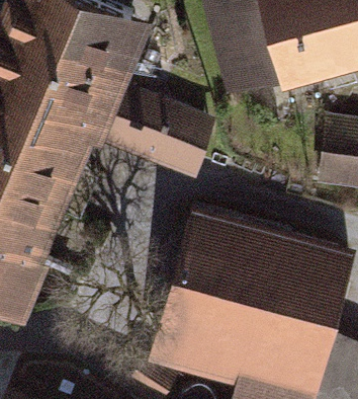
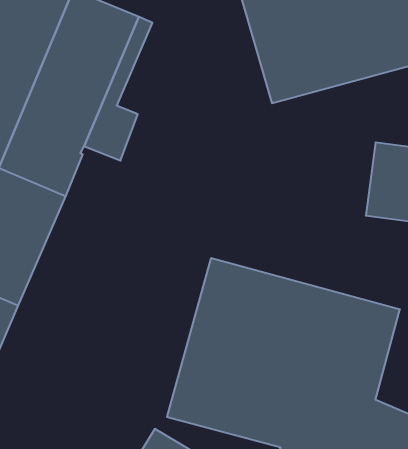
building: [118,98,211,166] -> none

